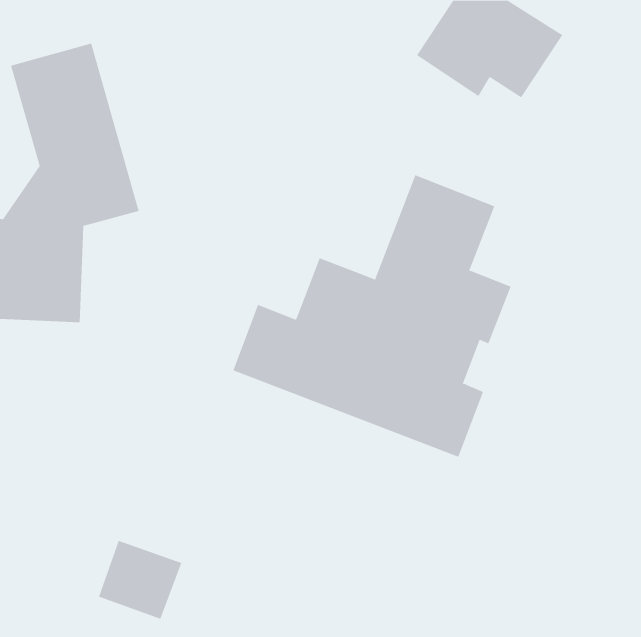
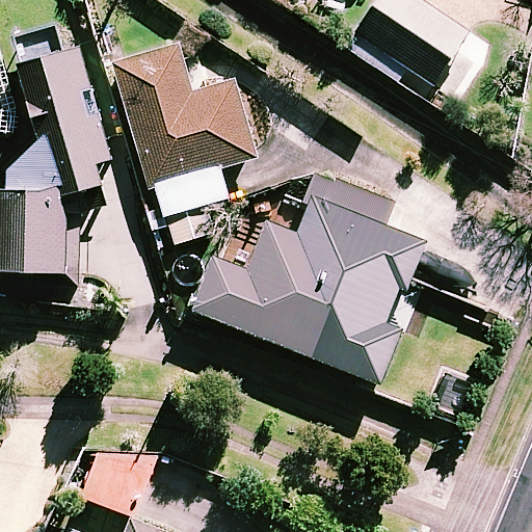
building: none -> [112,45,257,217]

